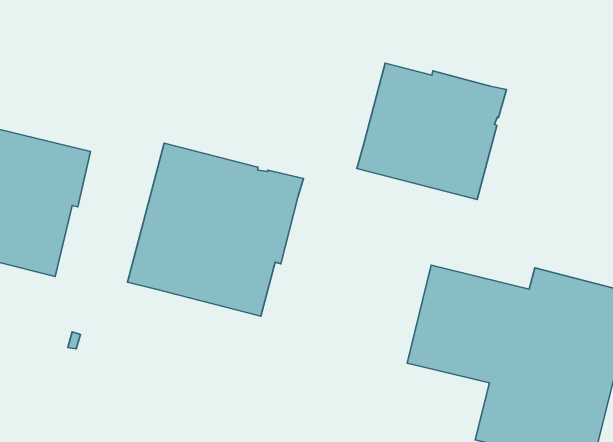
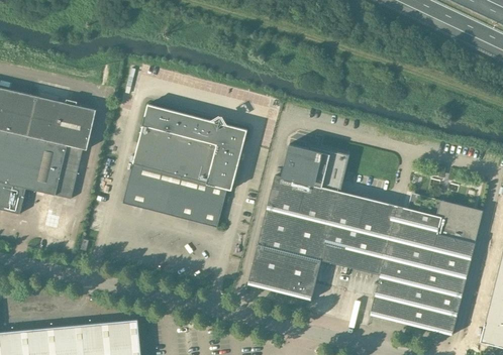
building: [357,63,507,199] -> none
building: none -> [247,145,348,301]

